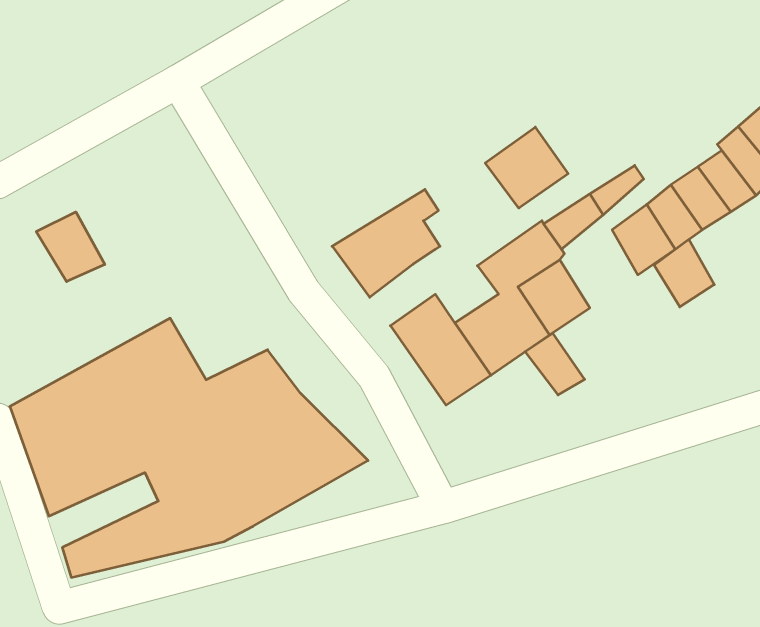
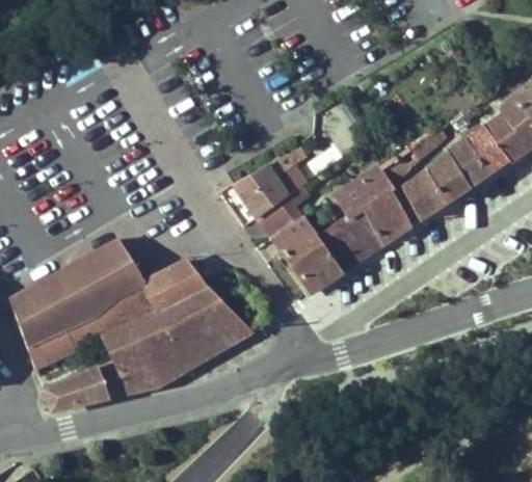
building: [485,127,568,208] -> none
building: [36,212,105,282] -> none
building: [654,240,714,307] -> [402,173,444,220]
building: none -> [258,187,312,240]
building: [525,333,585,395] -> none

